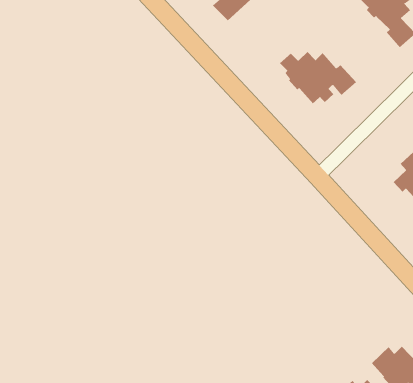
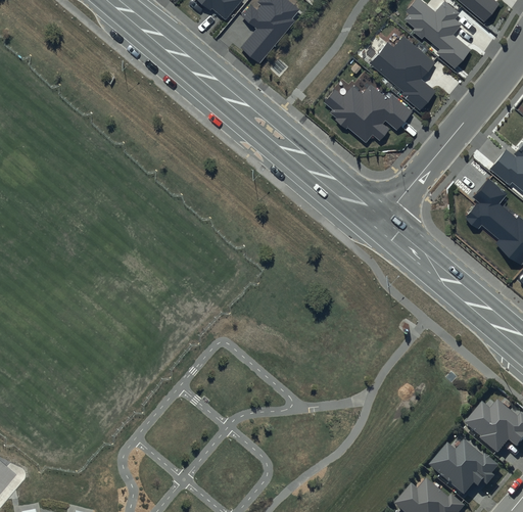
building: none -> [370,36,435,109]

